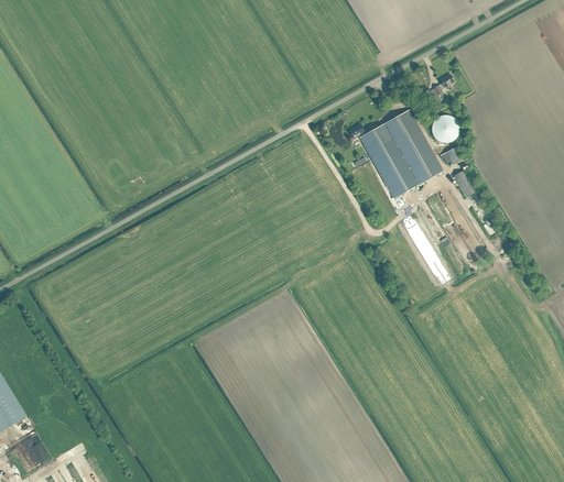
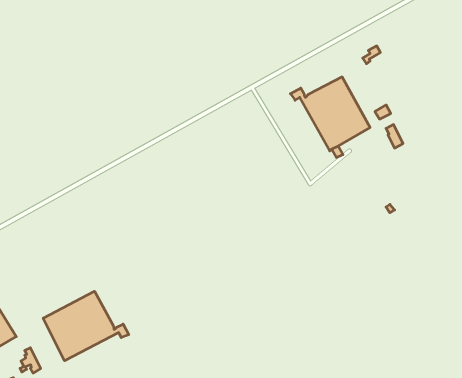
building: [430,116,457,143] -> none
building: none -> [43,291,129,361]

